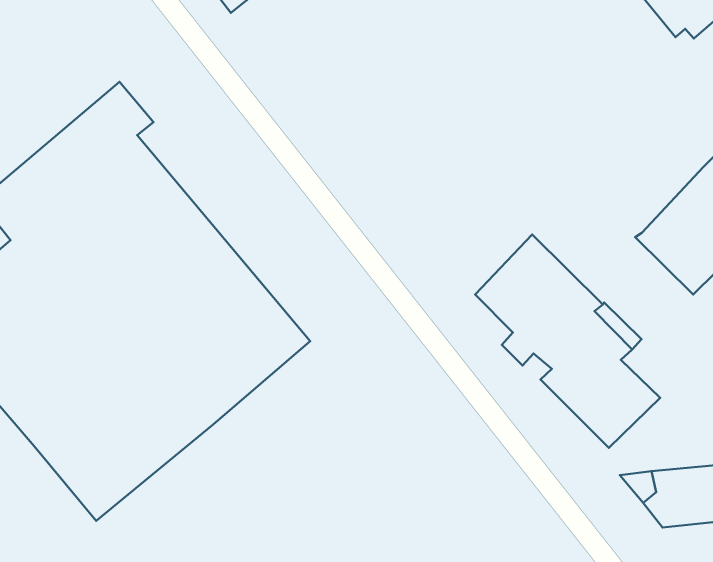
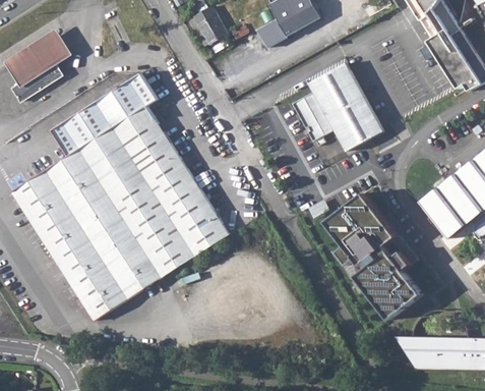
building: none -> [291,62,381,152]

